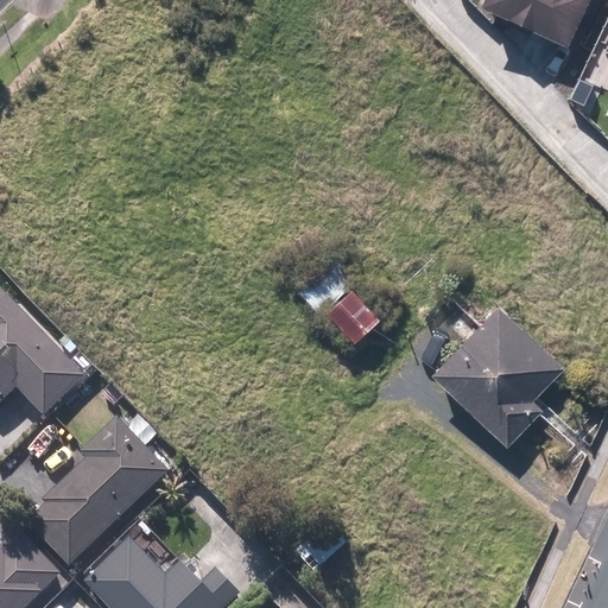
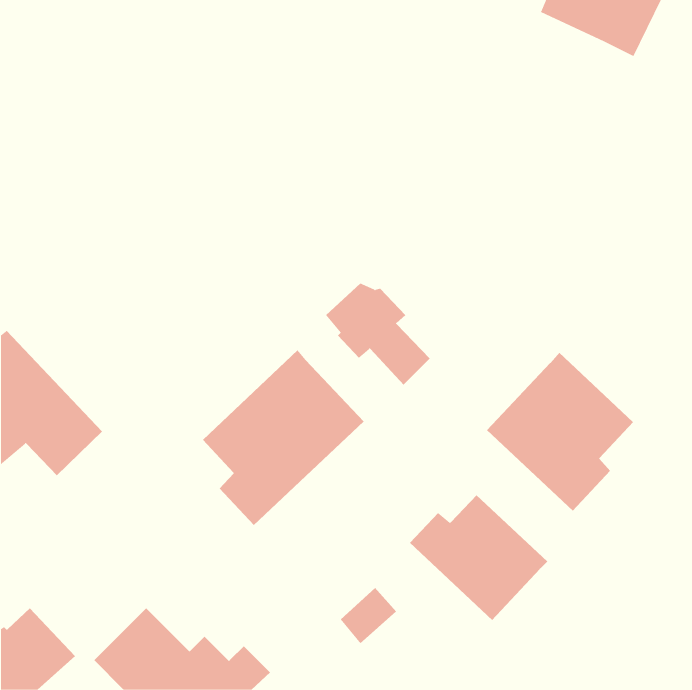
building: none -> [202,350,365,526]
building: [37,420,176,566] -> none
building: none -> [409,495,548,621]

